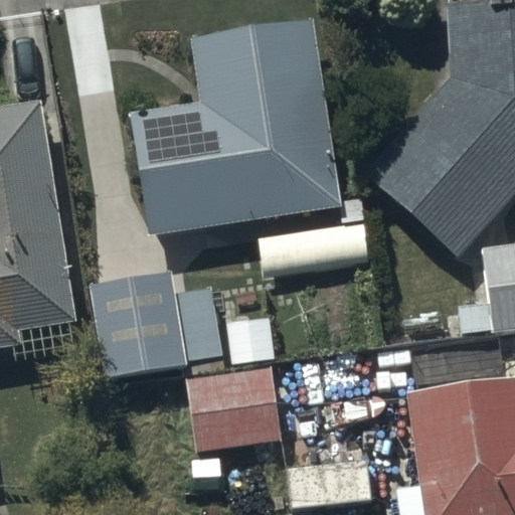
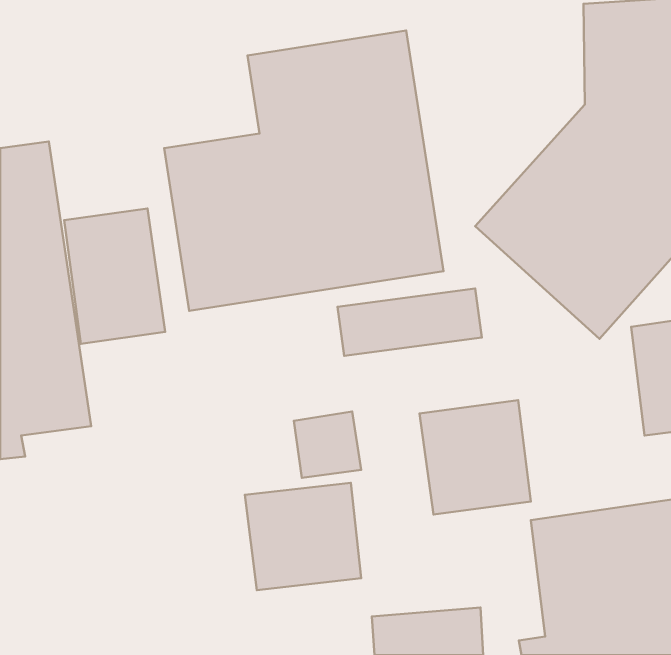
building: none -> [64,209,165,344]
building: [88,274,225,382] -> none
building: none -> [420,400,531,514]

